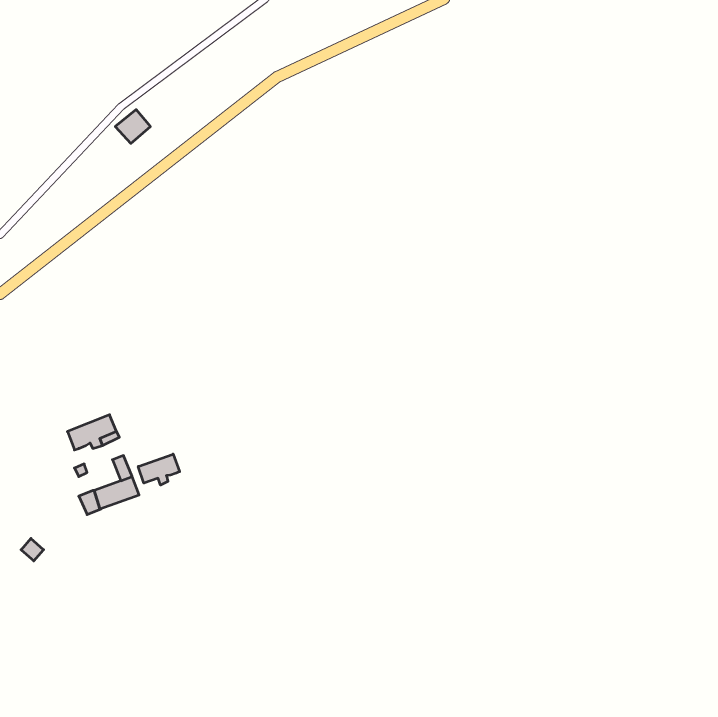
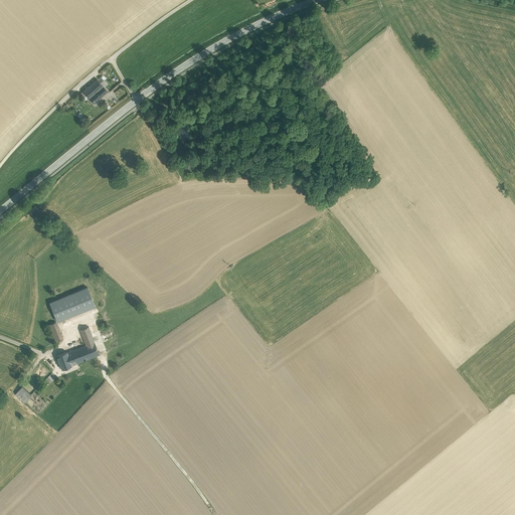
building: [138,454,180,485] -> none

